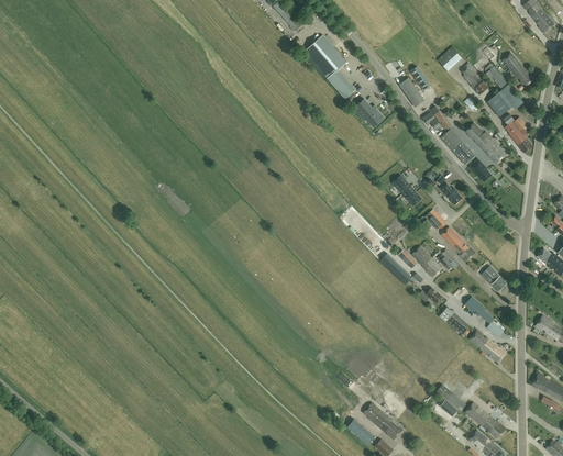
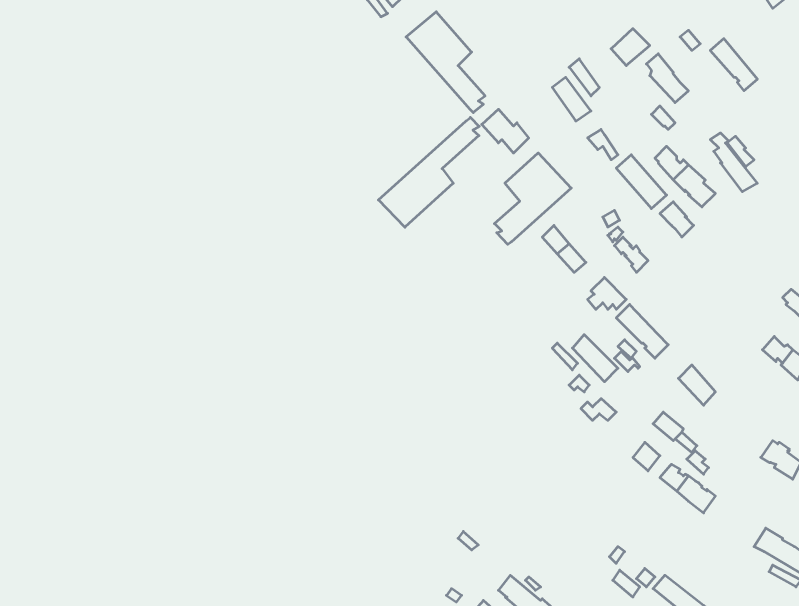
building: [486,67,523,116] -> none
building: none -> [378,117,479,227]
building: none -> [494,153,571,244]

